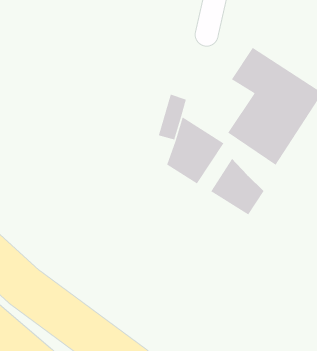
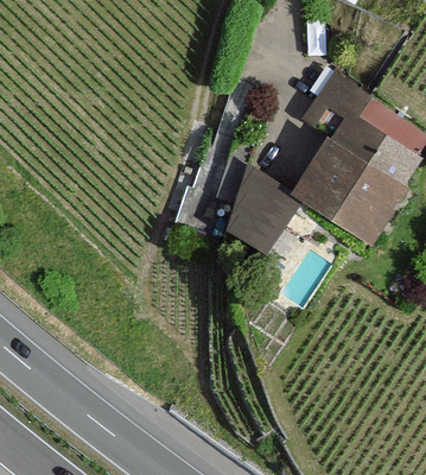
building: [210,158,264,216] -> none

